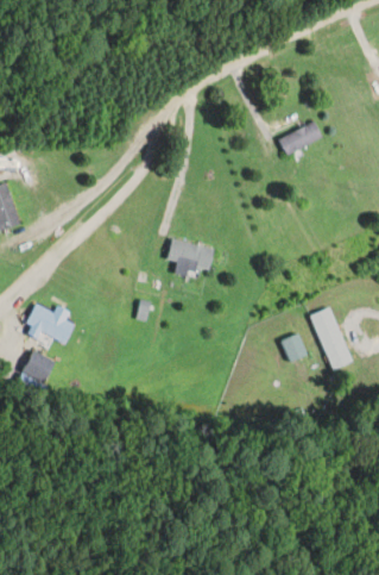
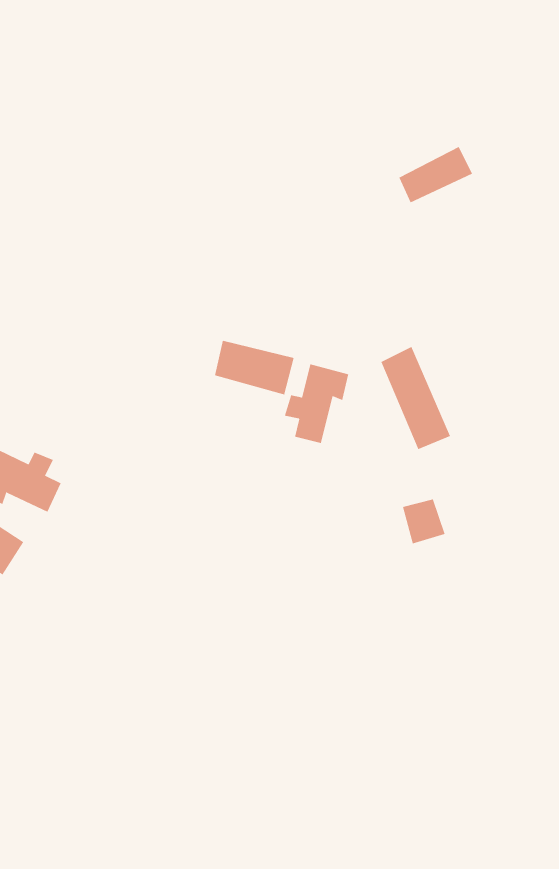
building: none -> [284,364,349,444]
building: [310,307,353,370] -> [380,346,451,450]

